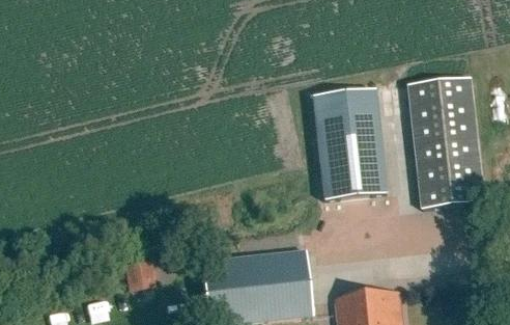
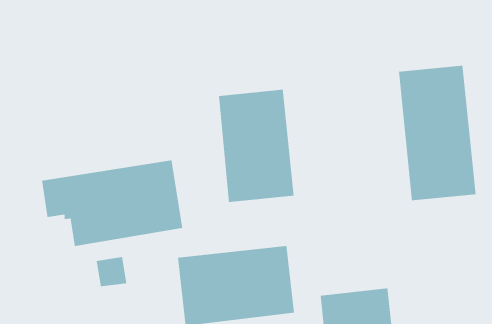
building: [314,91,387,199] -> [218,89,294,202]
building: none -> [41,159,183,247]

